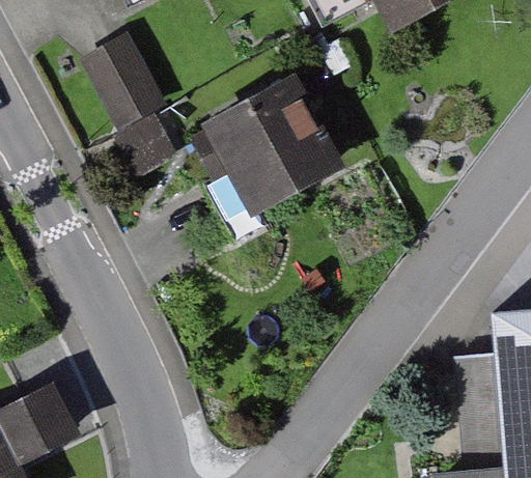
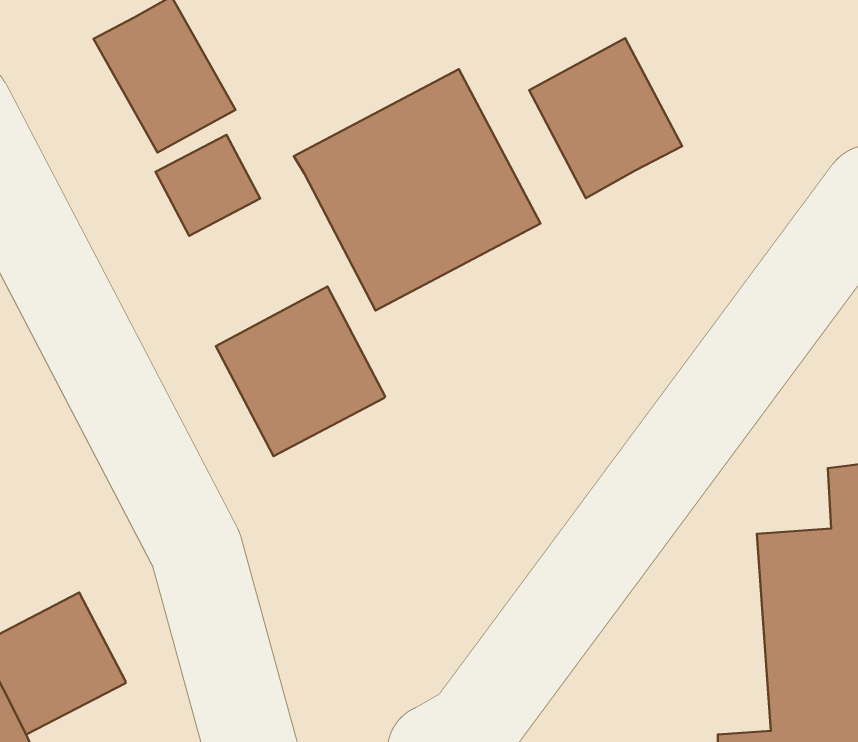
building: none -> [529,38,682,198]
building: none -> [216,287,385,456]

